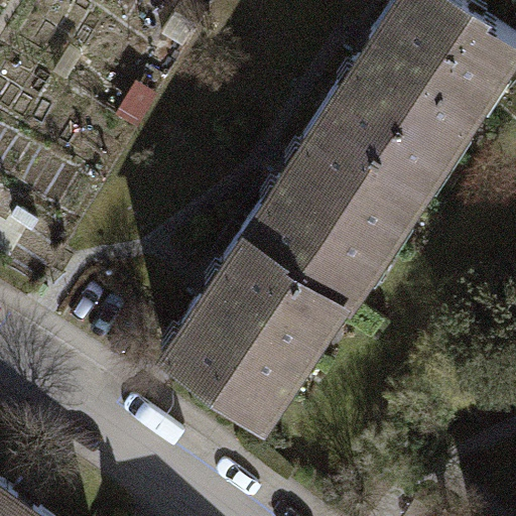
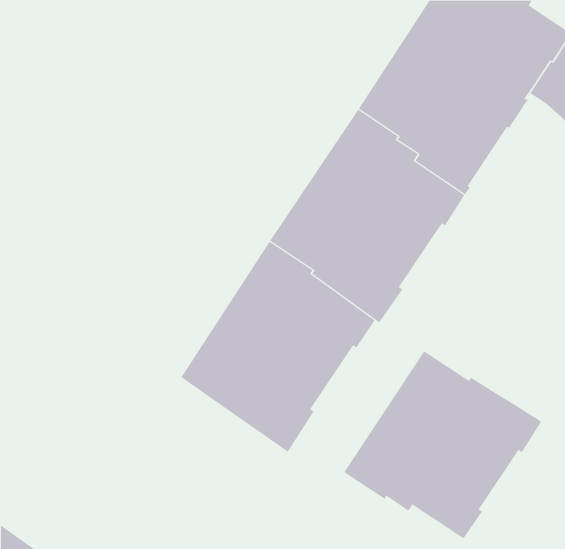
building: none -> [343,350,542,539]

